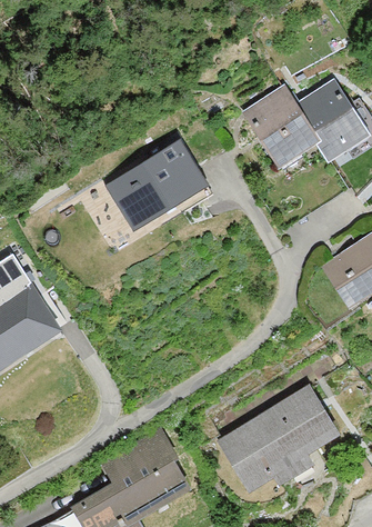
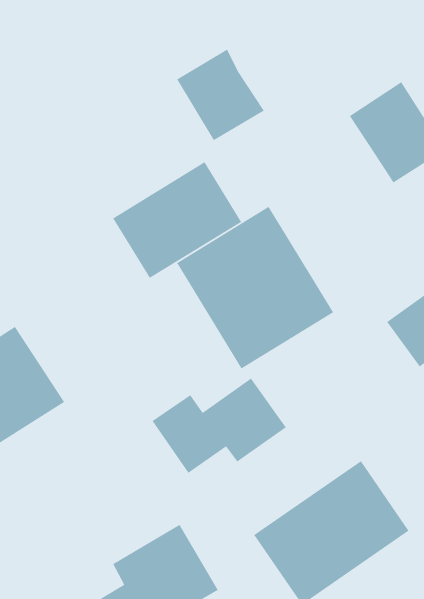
building: [243,86,314,160] -> [176,49,265,141]
building: none -> [176,206,334,370]
building: none -> [151,378,287,474]

